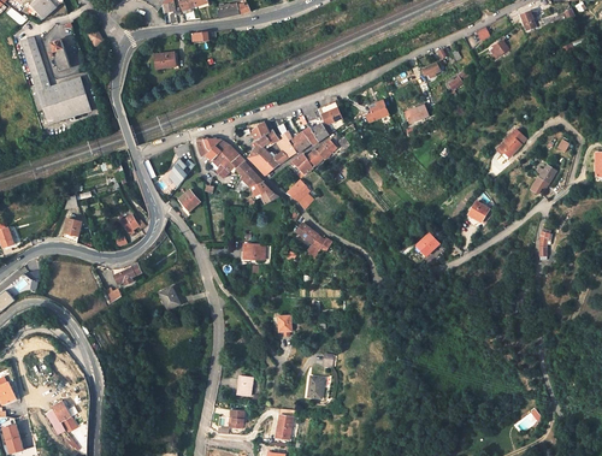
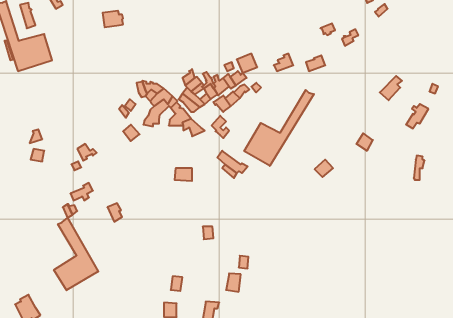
building: none -> [244,90,314,166]
building: none -> [54,218,98,290]

